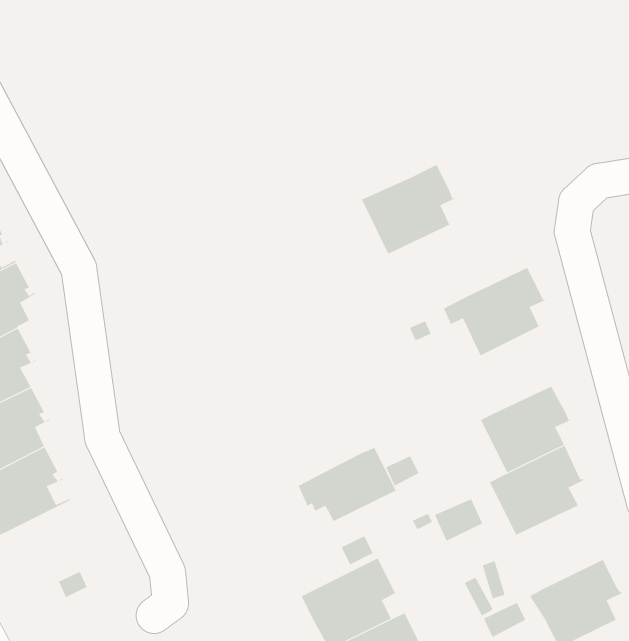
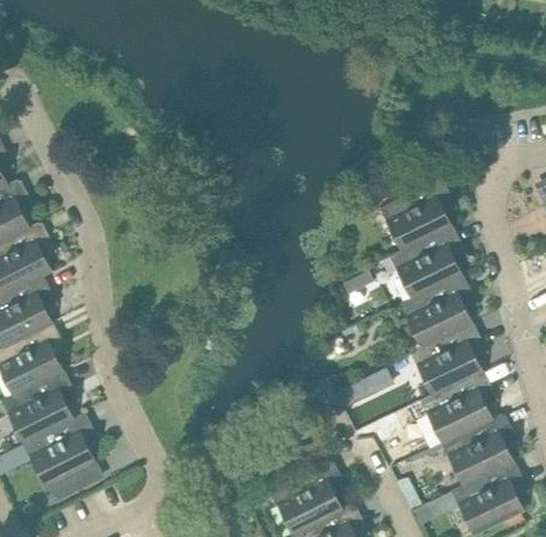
building: [361,164,456,254] -> [378,179,454,251]
building: none -> [401,275,474,345]
building: [298,447,396,522] -> none
building: none -> [440,413,516,486]
building: none -> [30,414,98,486]

